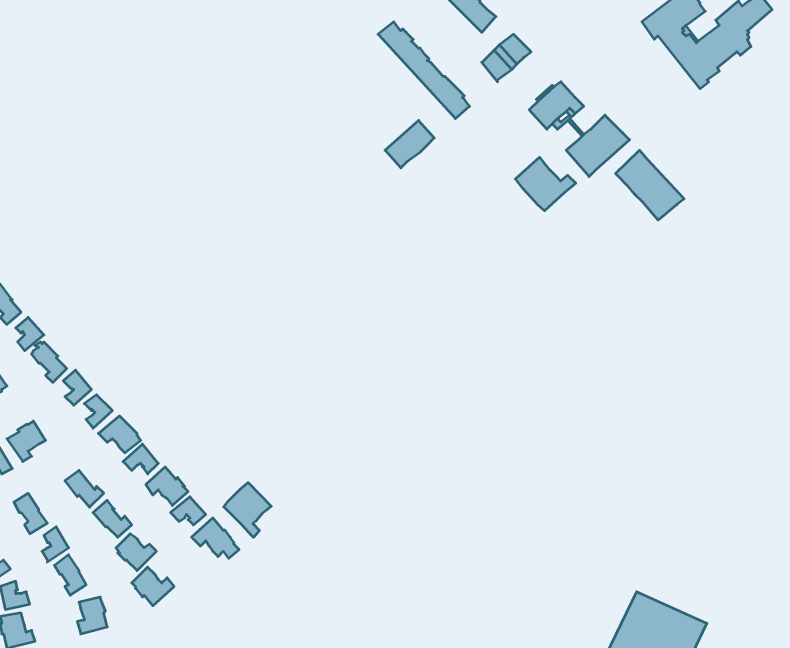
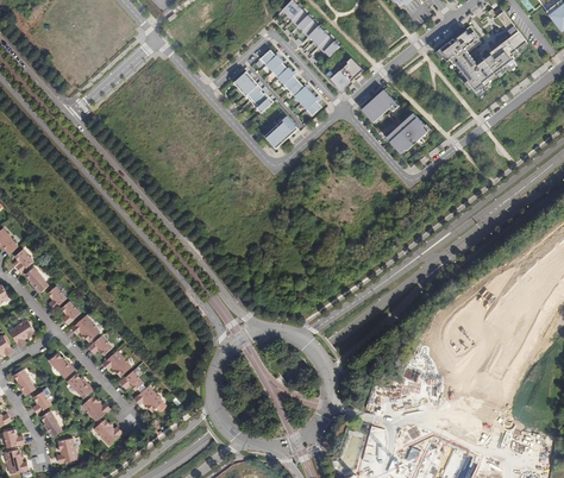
building: none -> [233,70,274,112]
building: [616,150,684,220] -> none
building: [515,157,576,211] -> none
building: [224,483,271,537] -> none

